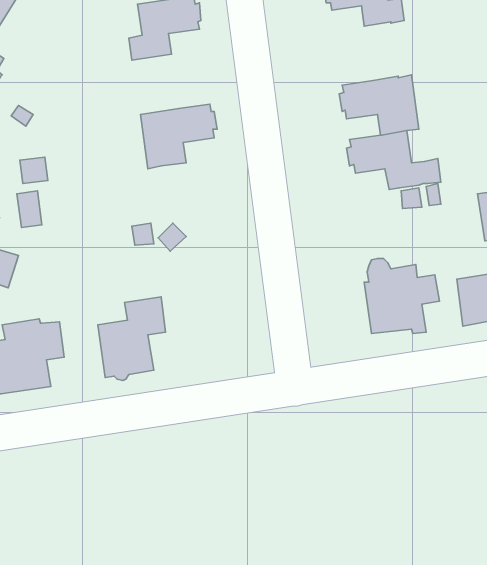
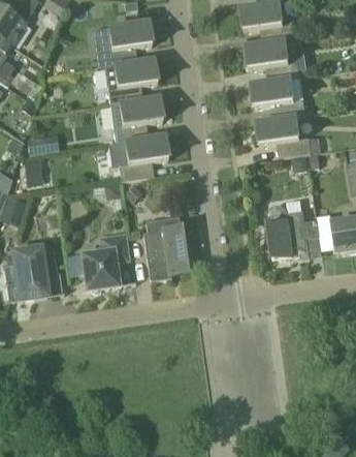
building: none -> [245,39,300,81]
building: none -> [104,59,159,104]
building: none -> [119,135,169,181]
building: none -> [143,215,188,280]

